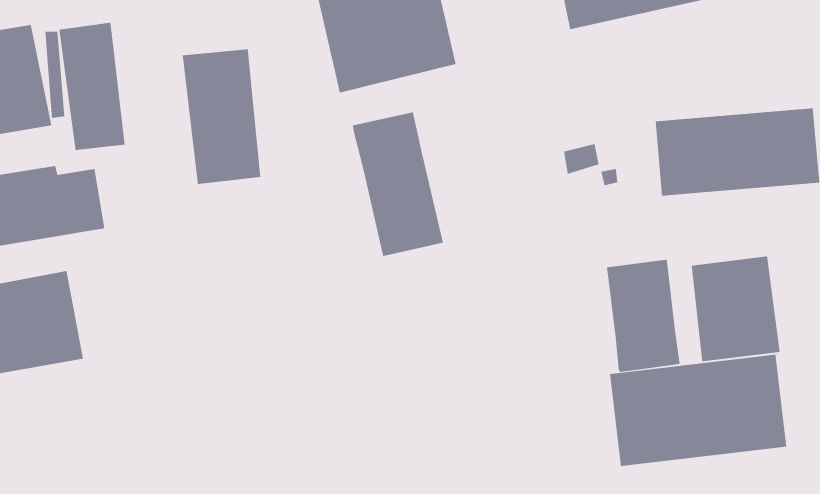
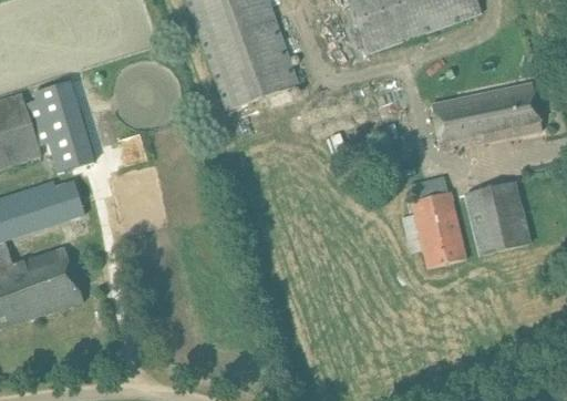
building: [182,48,261,185] -> none
building: [353,111,444,257] -> none
building: [609,354,787,467] -> none

